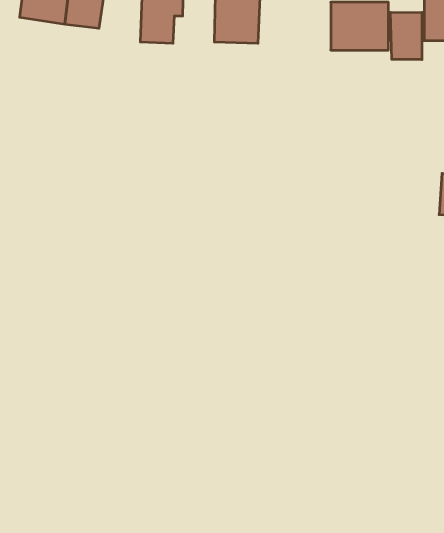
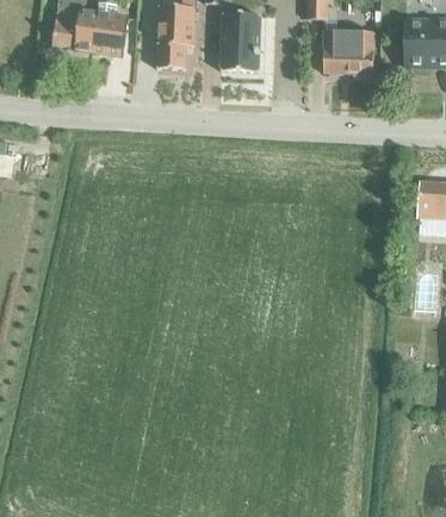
building: [391,12,422,60] -> none

